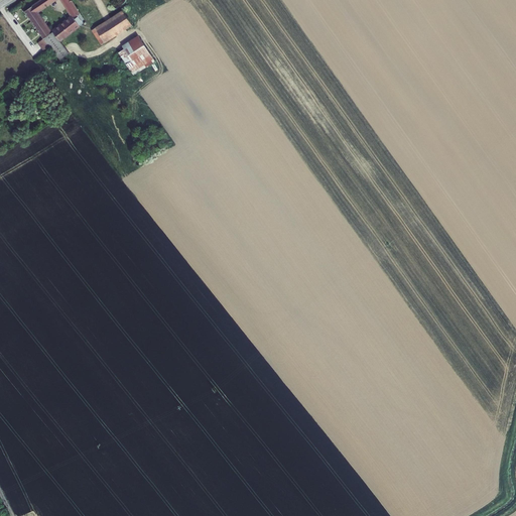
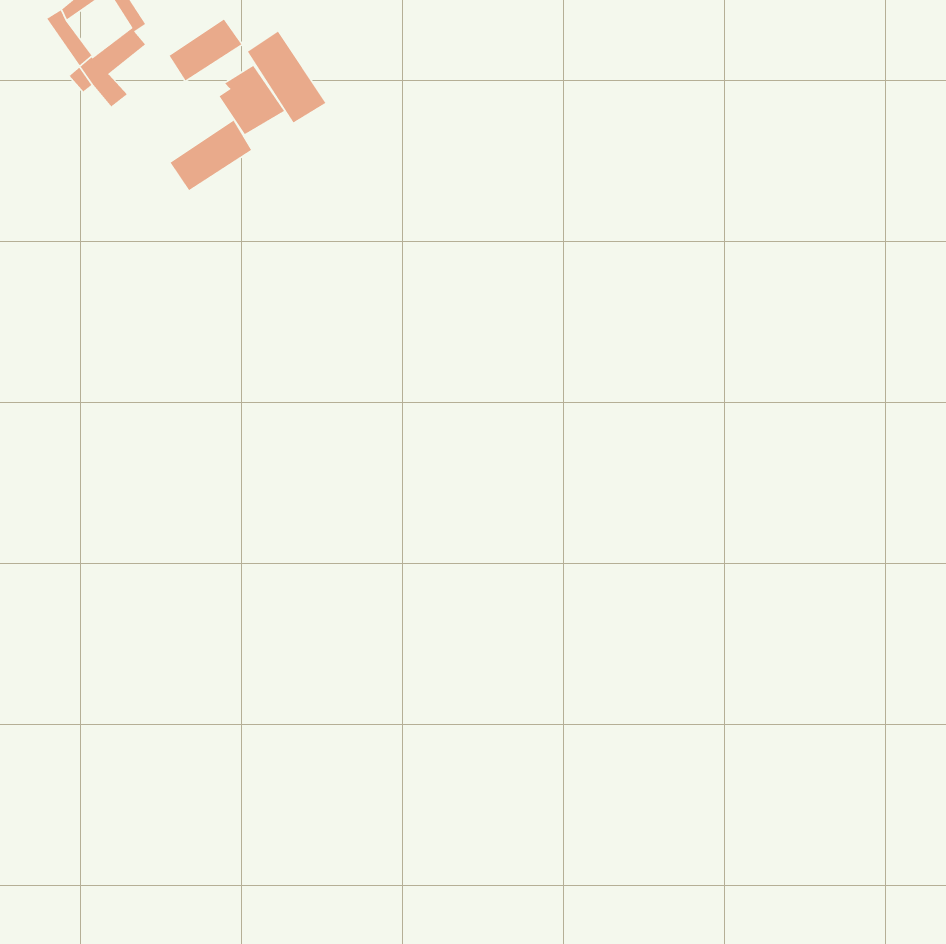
building: none -> [247,31,327,123]
building: none -> [170,119,252,191]

